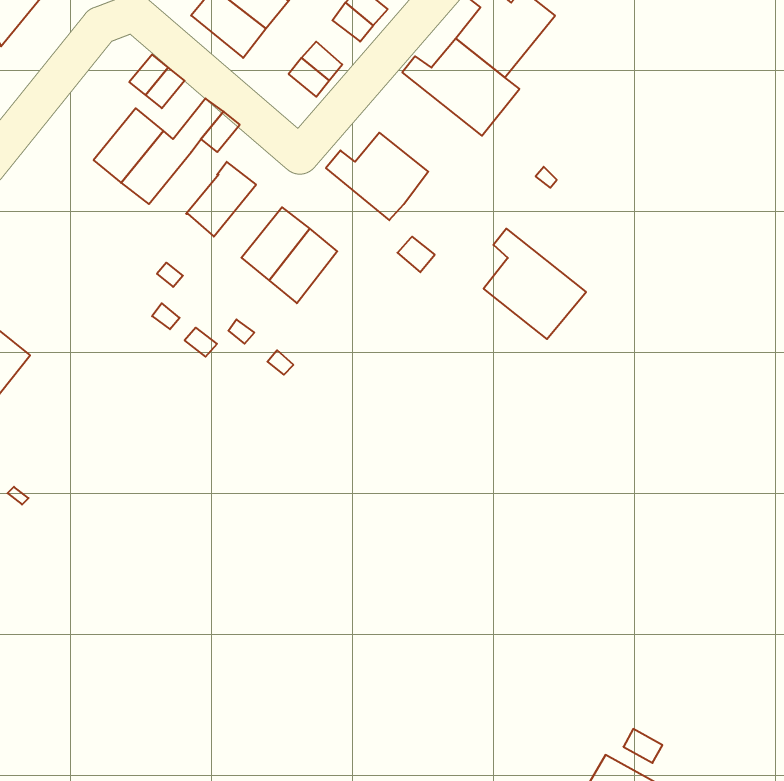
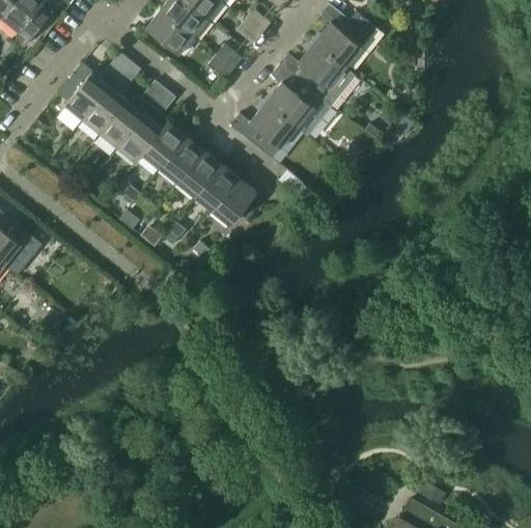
building: none -> [58,72,109,119]
building: none -> [117,114,162,162]
building: none -> [159,135,202,182]
building: [484,229,586,339] -> [264,63,330,134]
building: none -> [212,177,258,225]

